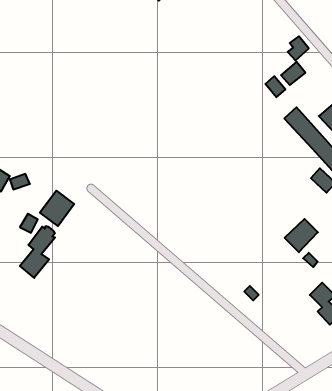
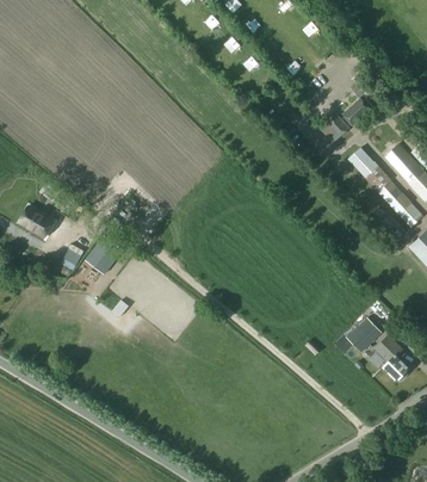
building: [285,219,318,252] -> [346,317,382,353]
building: [20,226,55,278] -> none

